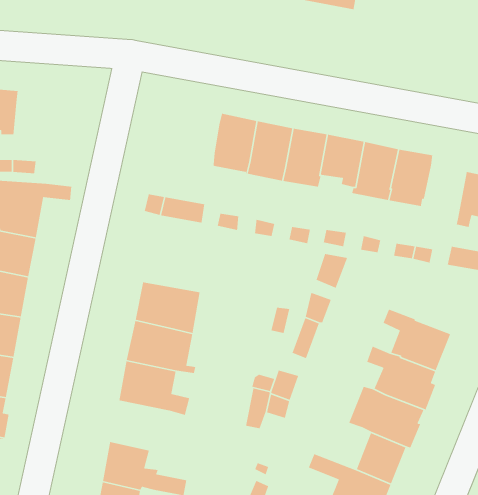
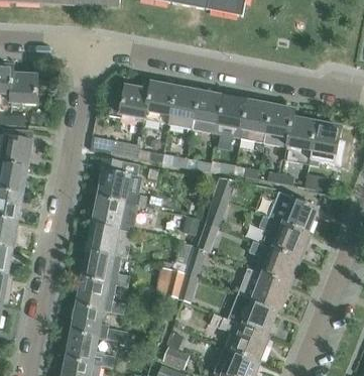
building: none -> [11,77,38,109]
building: none -> [107,87,149,123]
building: none -> [283,119,317,164]
building: none -> [98,157,147,207]
building: none -> [282,198,317,233]
building: none -> [76,278,125,315]

